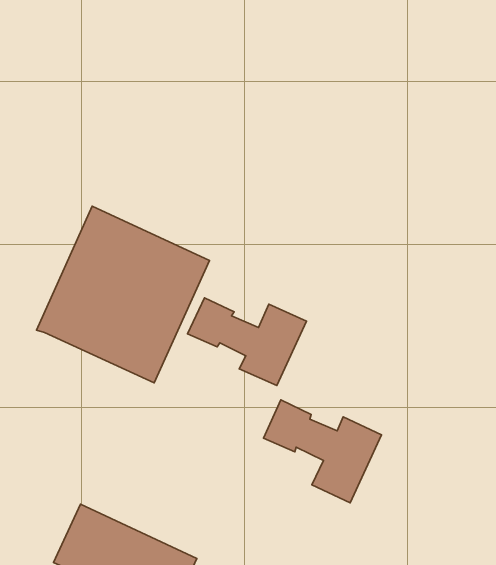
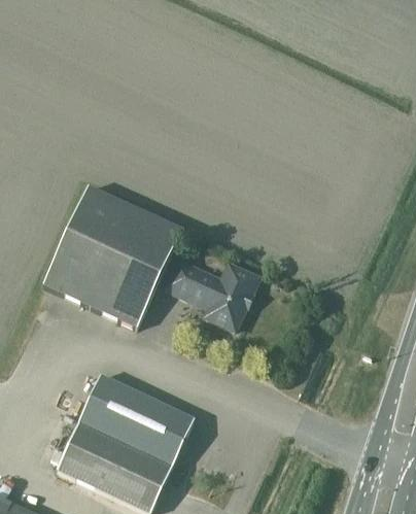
building: [264,400,382,503] -> none
building: none -> [78,375,194,467]

